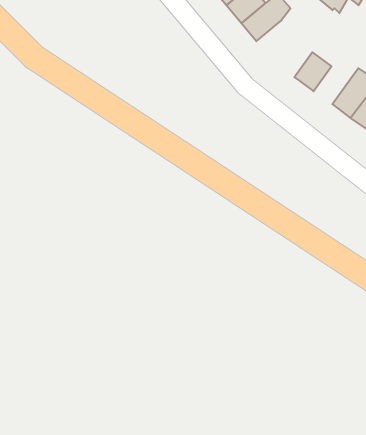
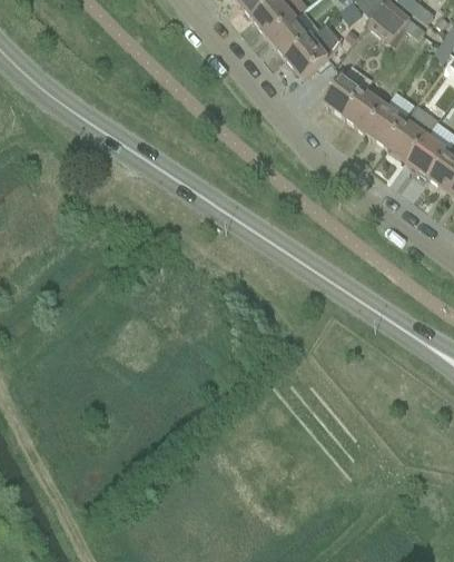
building: none -> [323,63,372,117]
building: none -> [365,105,406,147]

